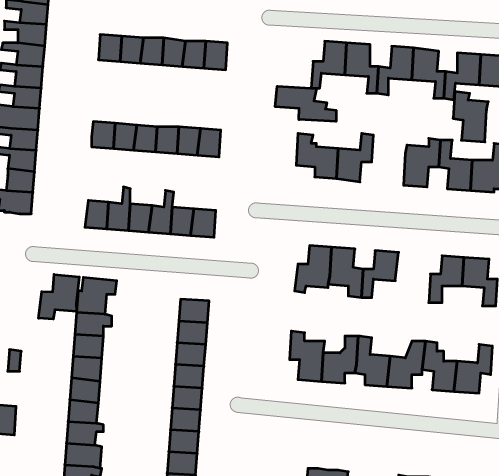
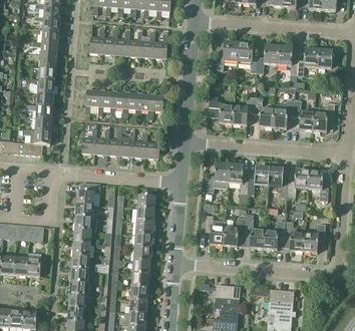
building: [275,86,336,121] -> none
building: [453,92,488,142] -> [253,96,274,126]
building: none -> [267,167,288,197]
building: [39,274,79,319] -> none

